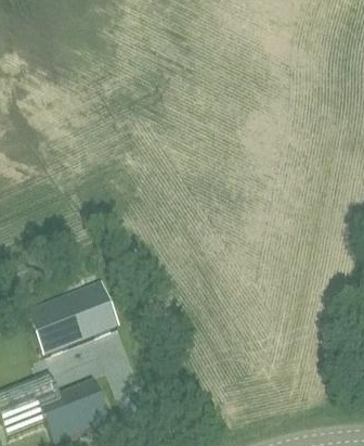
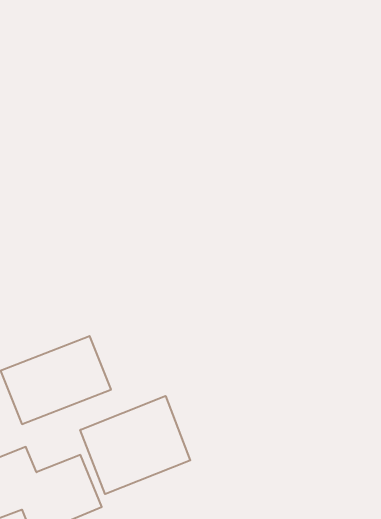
building: none -> [80,396,190,494]

